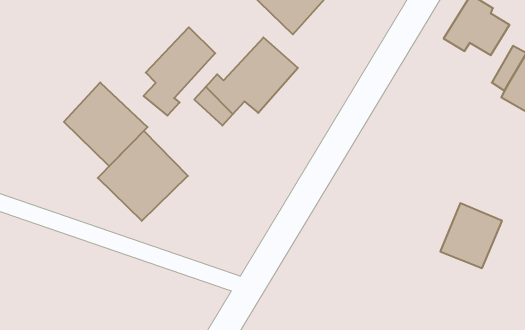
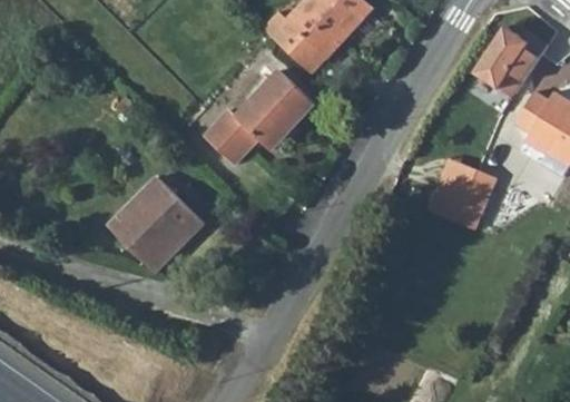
building: [144,27,215,116] -> none
building: [64,82,148,166] -> none
building: [440,203,502,268] -> [426,158,492,227]

